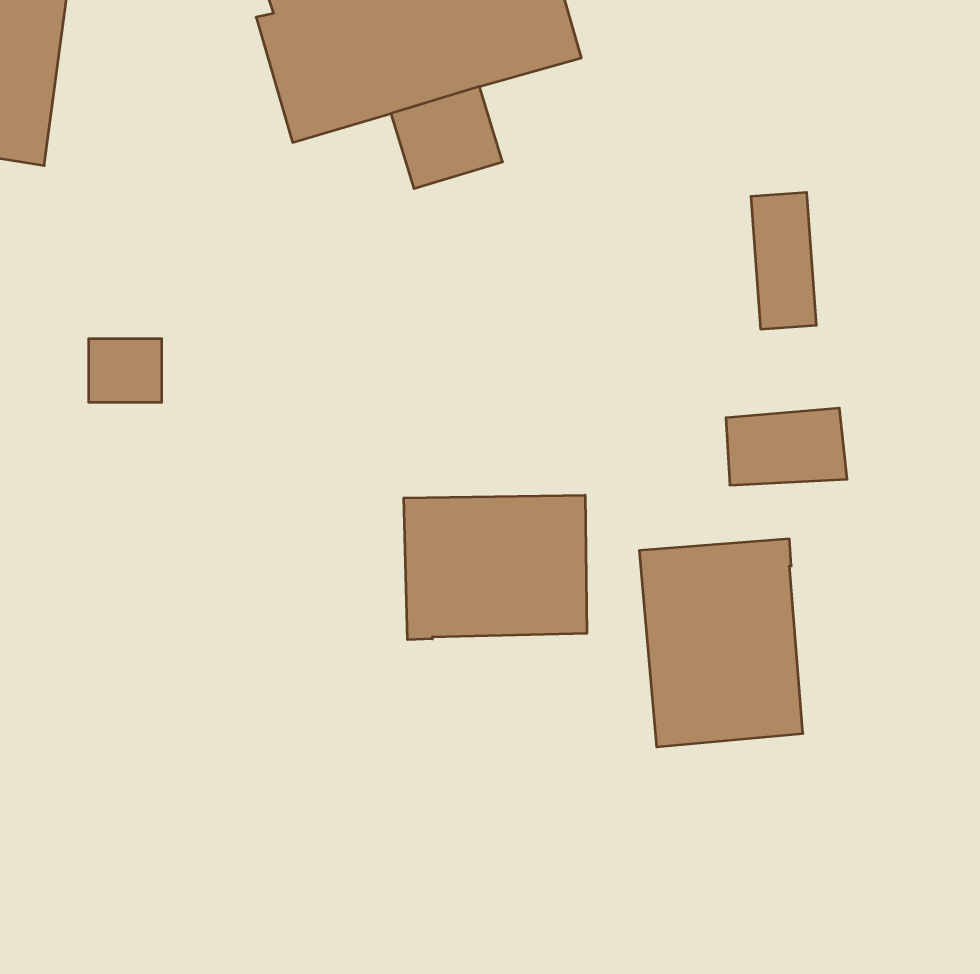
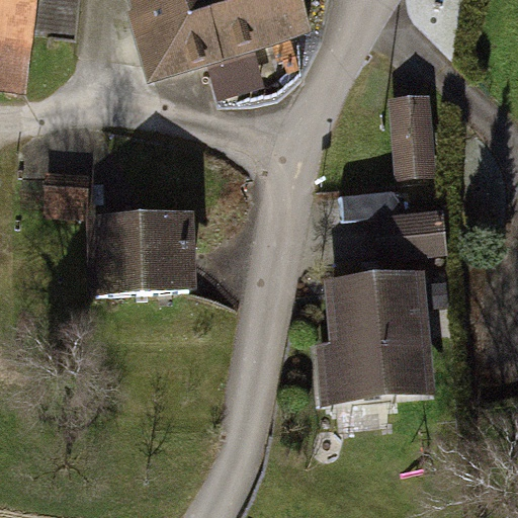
building: none -> [93,217,189,293]
building: [404,495,587,640] -> none

